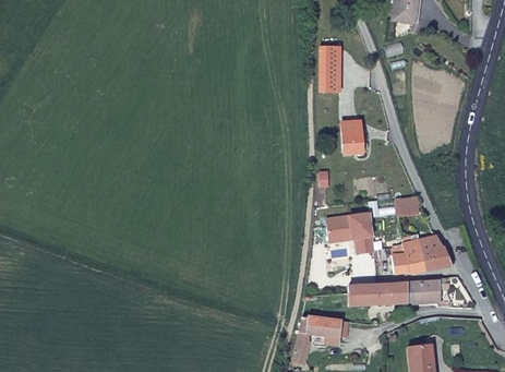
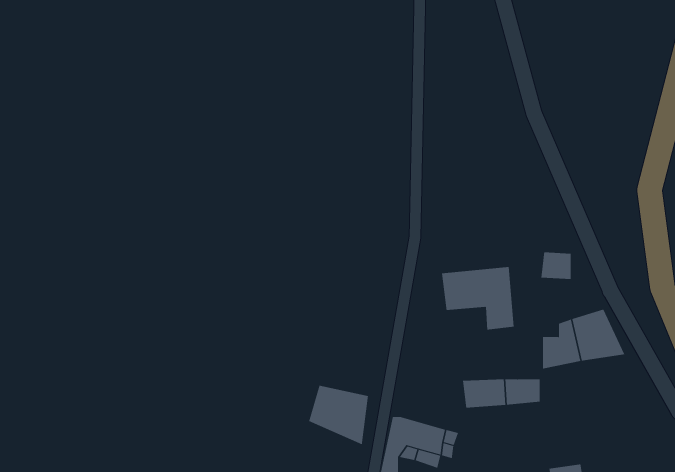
building: [321,45,344,92] -> none
building: [345,120,366,151] -> none
building: [392,286,431,301] -> none
building: none -> [309,385,369,445]

